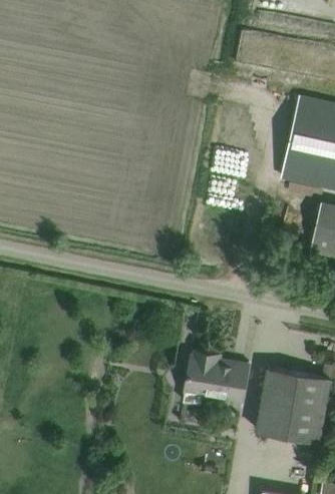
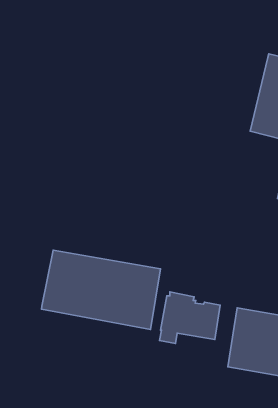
building: none -> [41,250,161,329]

